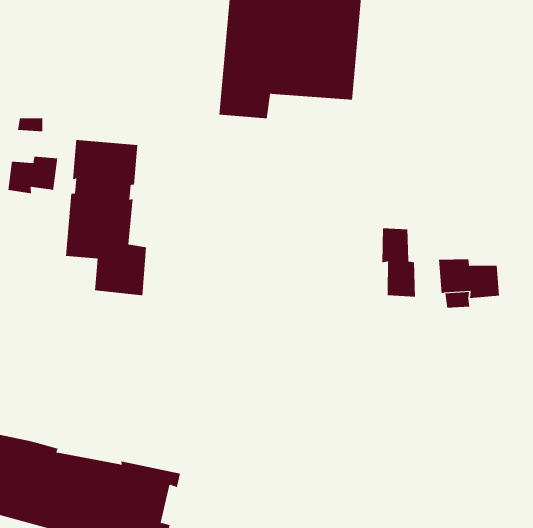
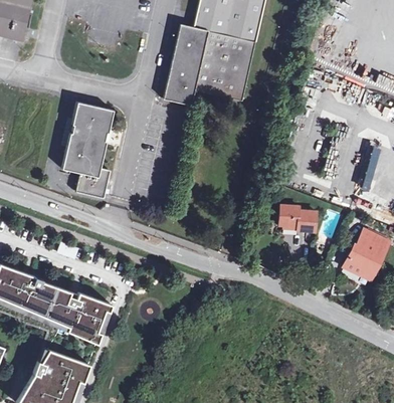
building: [8,156,58,194] -> none
building: [382,228,415,298] -> none

